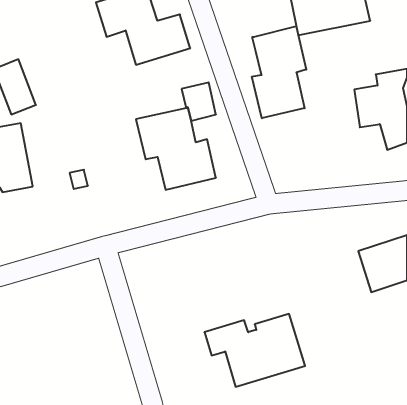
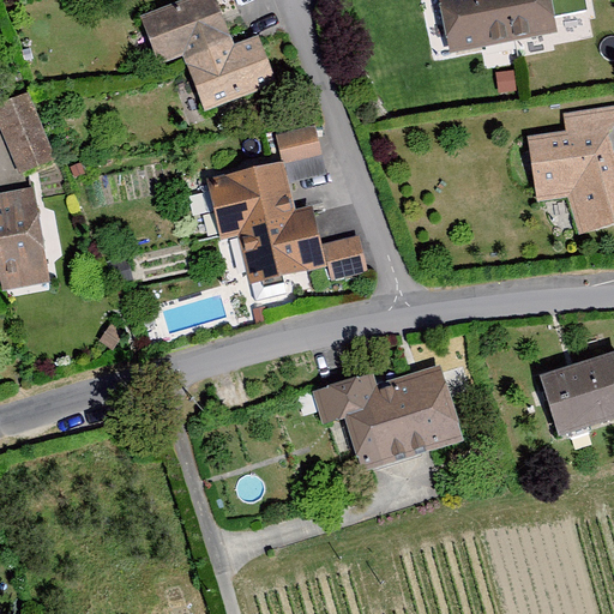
building: [252,26,306,118] -> none
building: none -> [319,231,367,279]
building: [204,314,305,387] -> [312,363,463,472]

